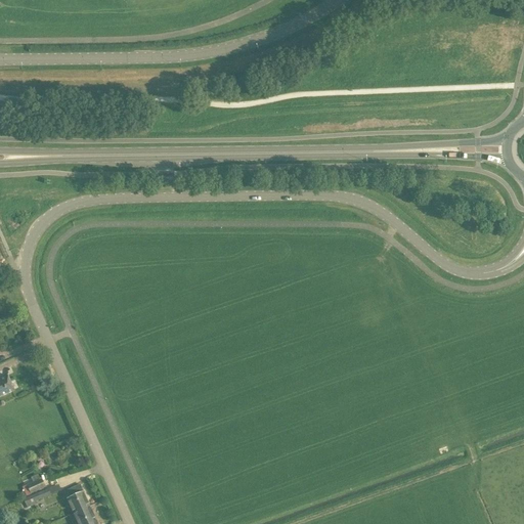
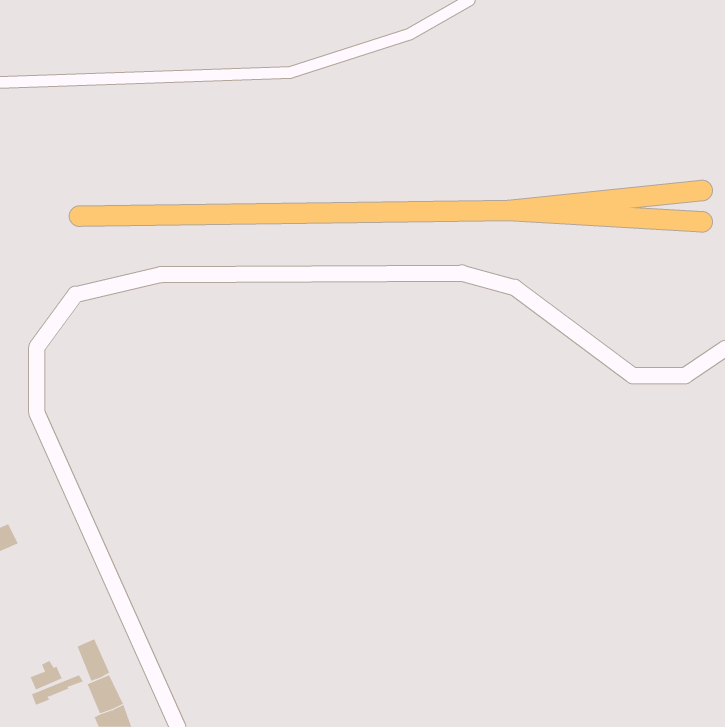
building: none -> [77,638,110,682]

